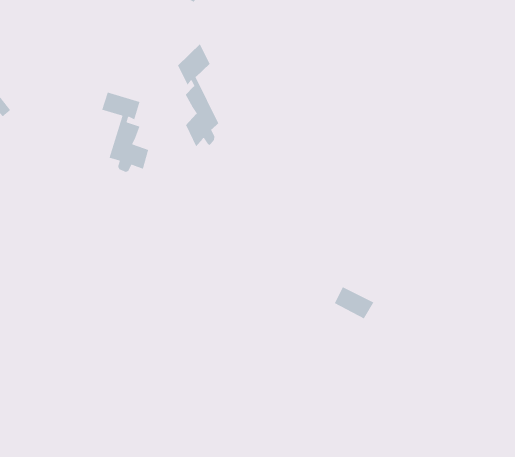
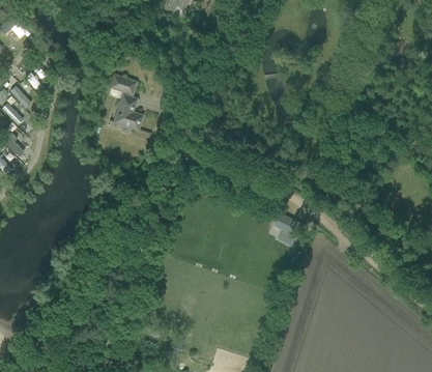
building: [177,43,219,148] -> none

